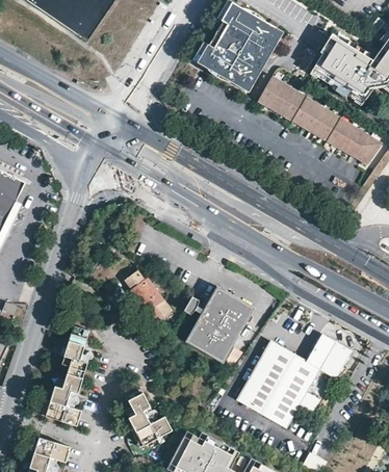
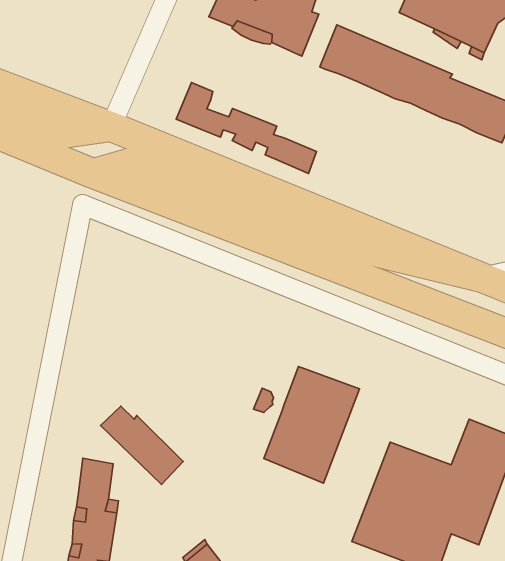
building: none -> [176,82,317,174]
building: [124,268,173,321] -> [100,406,183,484]

